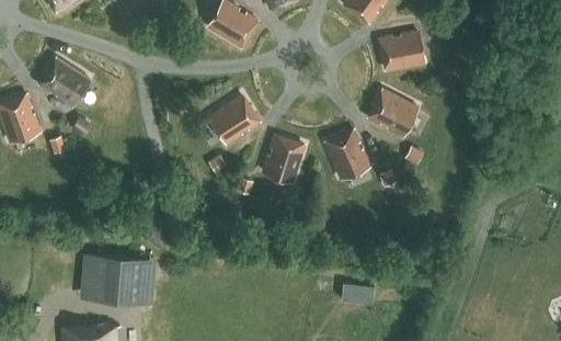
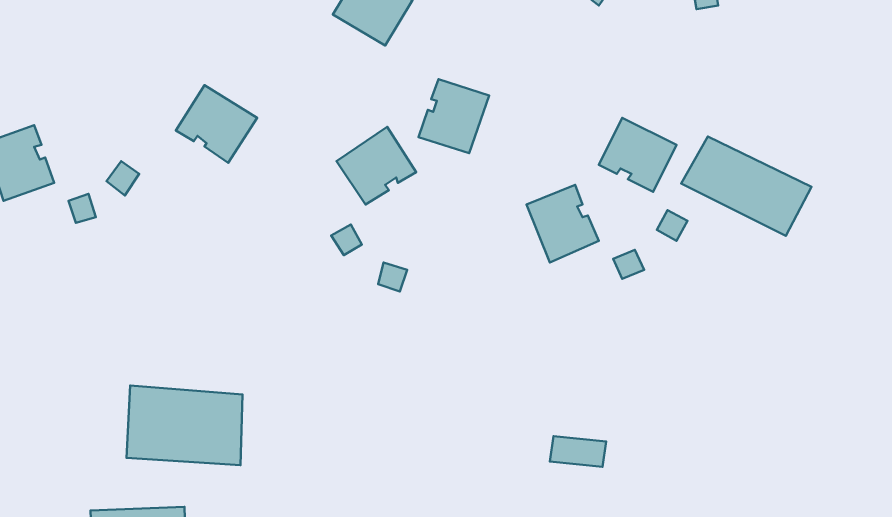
building: [380,31,423,69] -> none
building: [39,58,89,105] -> [176,85,257,163]
building: none -> [681,136,812,236]
building: [262,136,305,181] -> [419,79,489,153]

